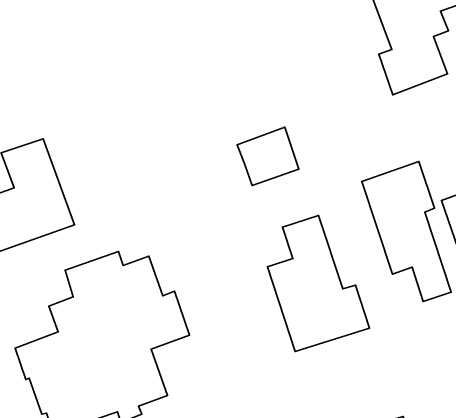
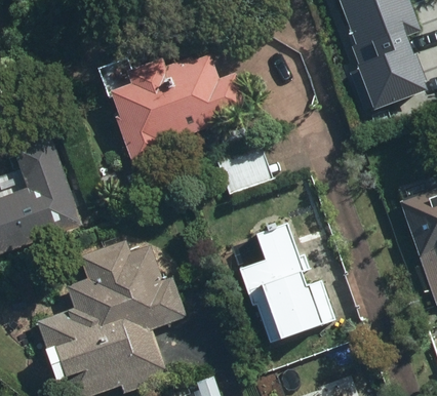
building: none -> [110,57,245,162]
building: [362,161,451,302] -> none

